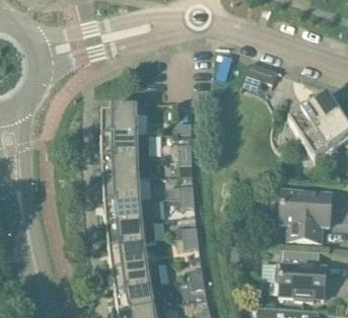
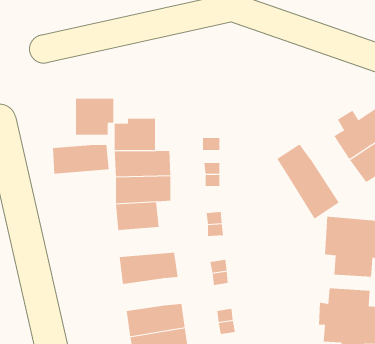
building: none -> [75,98,114,136]
building: none -> [276,143,340,220]
building: [105,198,153,224] -> [52,144,110,174]
building: [109,242,146,269] -> none

